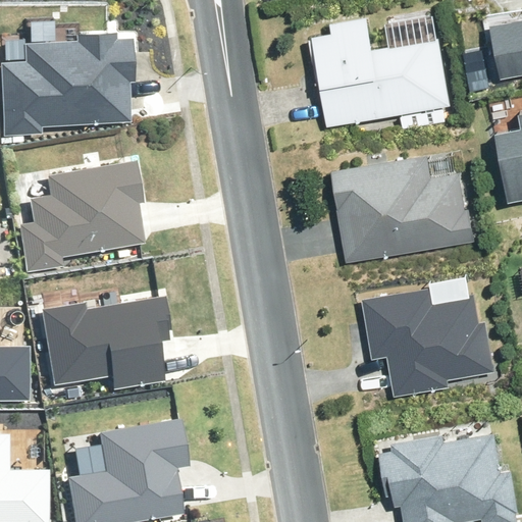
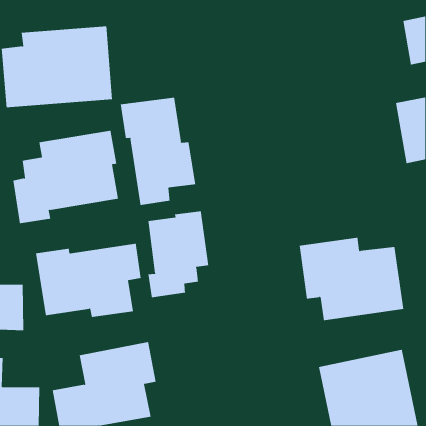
building: [316,17,454,133] -> none
building: none -> [120,97,196,206]
building: [330,157,474,263] -> none
building: none -> [148,211,209,298]

